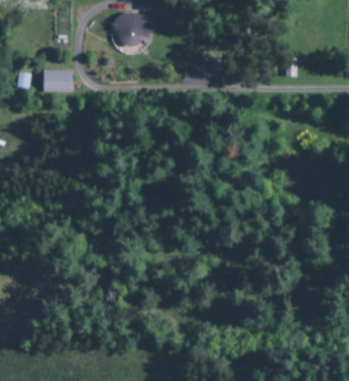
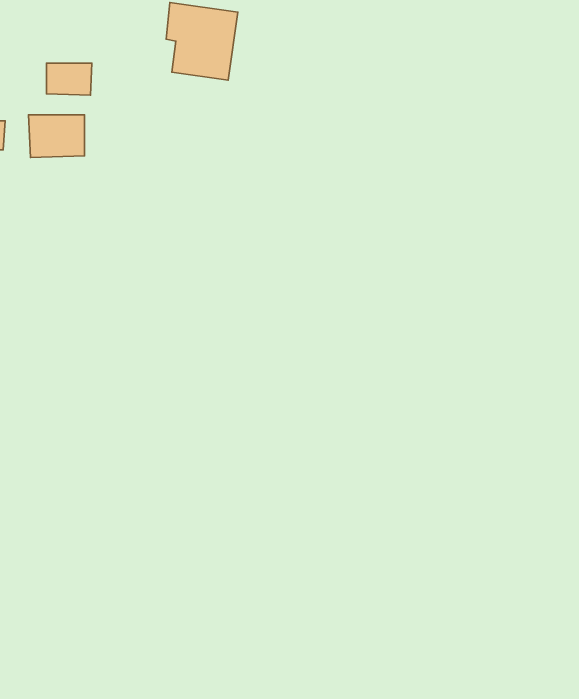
building: none -> [47,63,92,95]

